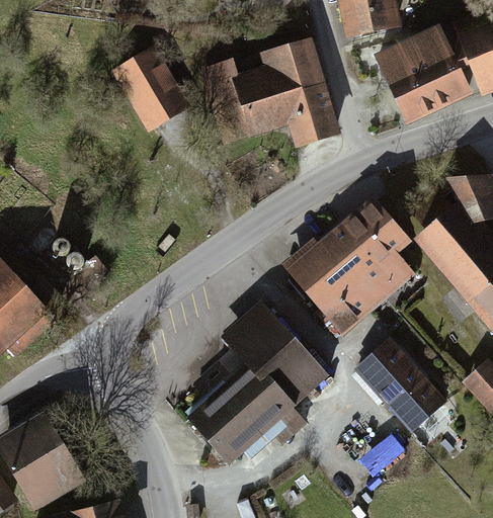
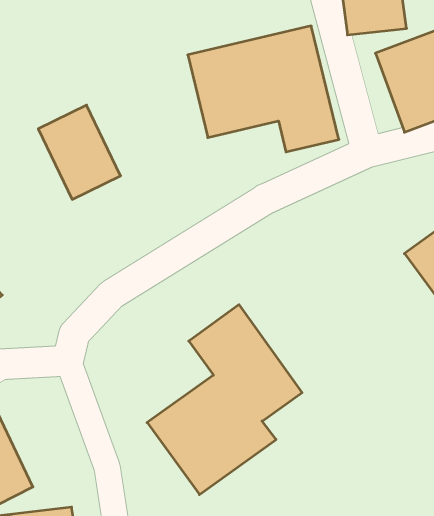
building: [112,45,192,134] -> [38,105,121,199]
building: [280,201,412,335] -> none
building: [355,338,447,432] -> none

